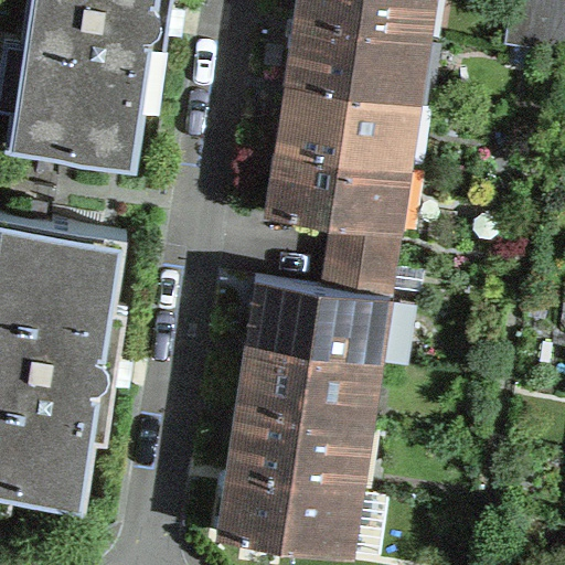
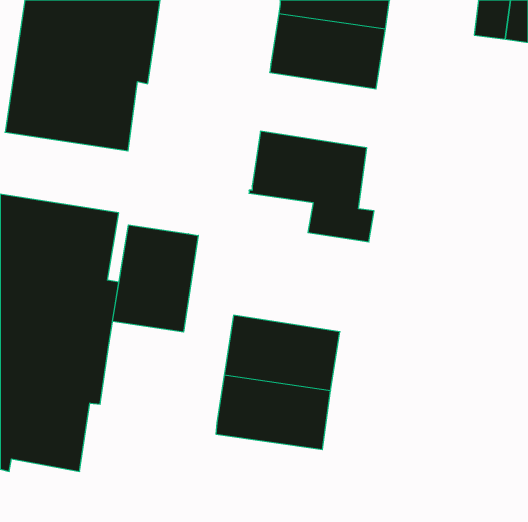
building: [278,84,402,164] -> none
building: none -> [113,225,198,332]
building: [249,255,394,361] -> none
building: [217,470,344,553] -> none

